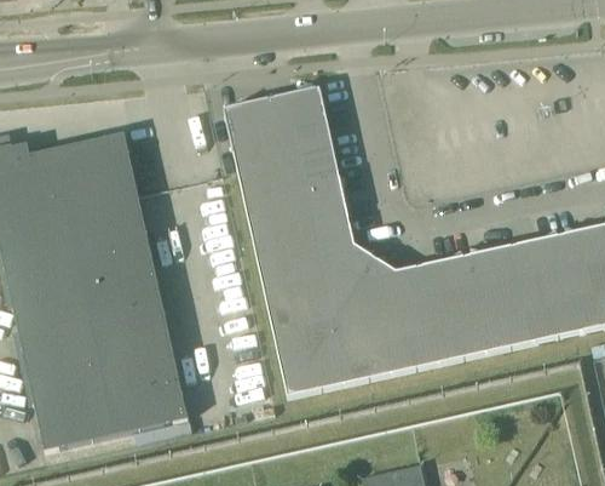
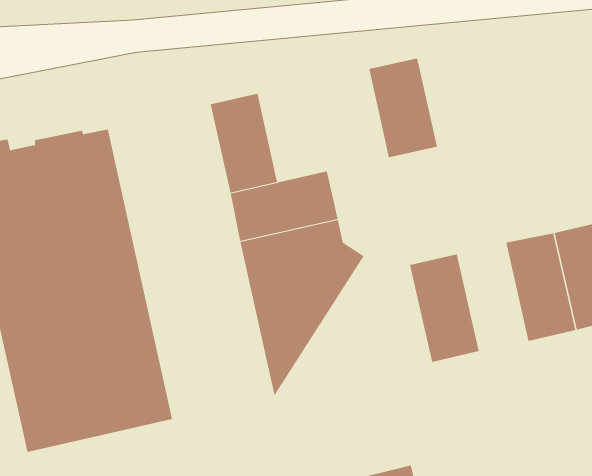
building: [270,87,338,185] -> [369,58,438,158]
building: [465,245,534,351] -> none
building: [286,258,439,396] -> none

